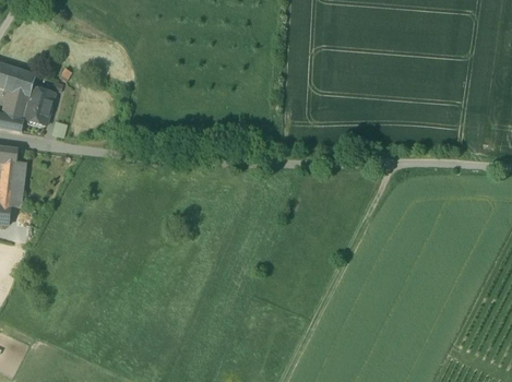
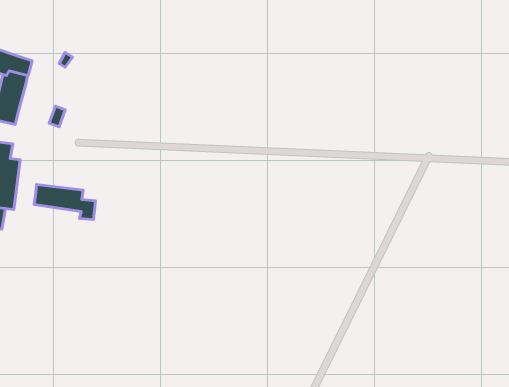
building: [23,85,53,123] -> none
building: none -> [34,185,96,219]

